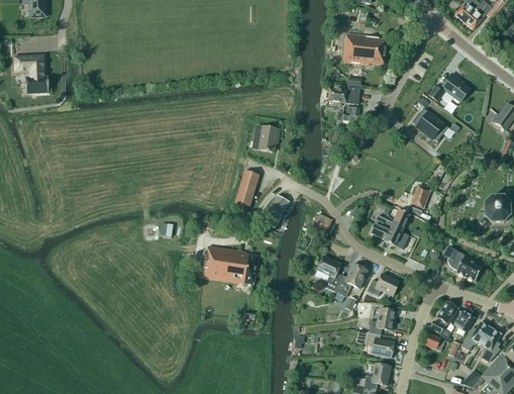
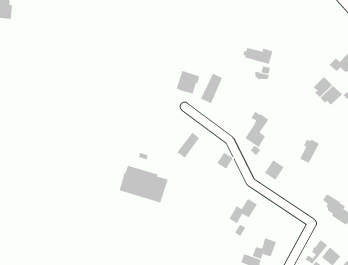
building: [343,34,387,65] -> none
building: [235,171,259,207] -> [200,73,223,104]
building: [384,207,410,250] -> [244,111,269,148]
building: [318,256,342,292] -> none
building: [367,273,400,296] -> none

